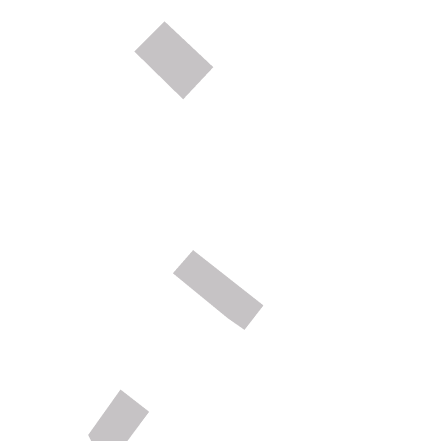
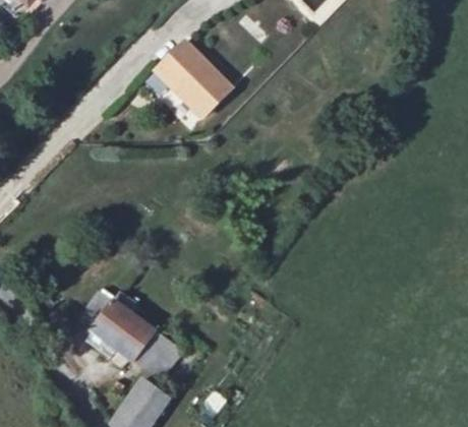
building: [172,249,265,331] -> [86,296,172,371]

